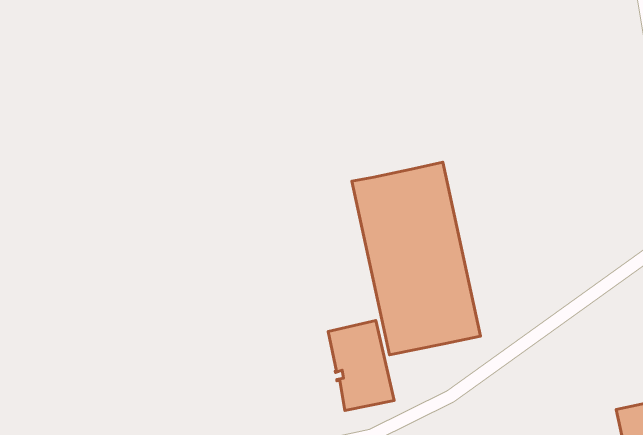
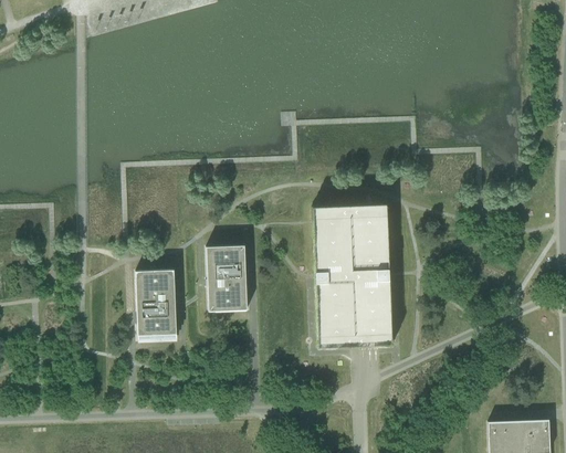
building: none -> [135,268,177,335]
building: [328,320,394,410] -> [206,244,248,310]

